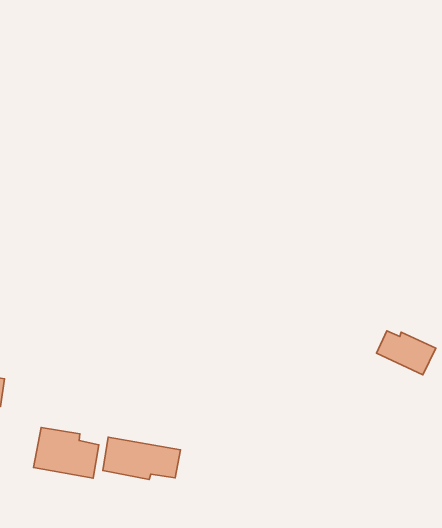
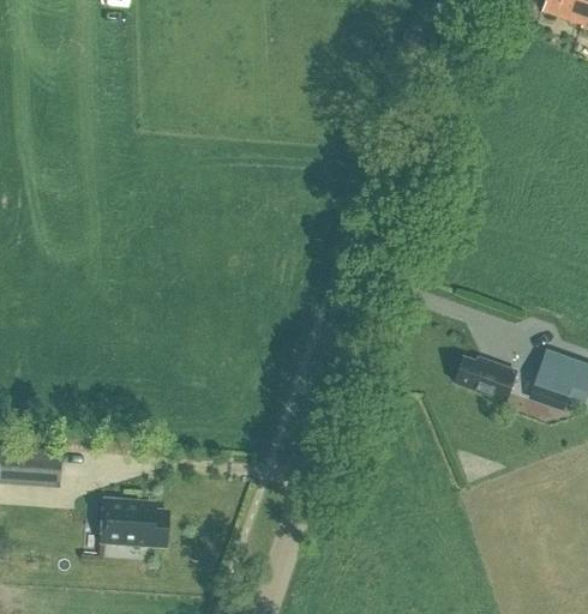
building: [103,437,180,480] -> none

